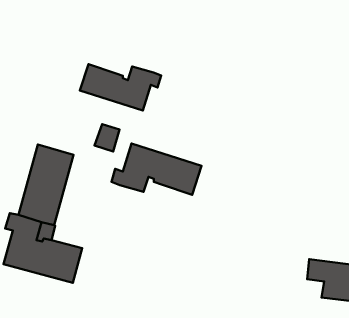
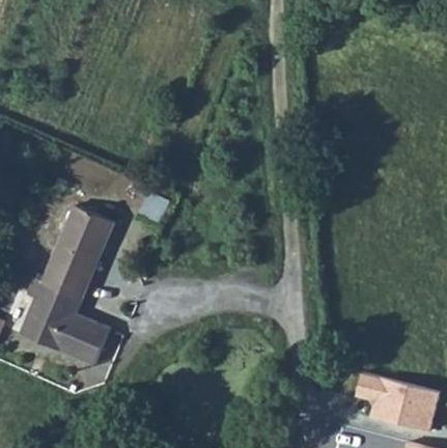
building: [80,64,161,111] -> none
building: [111,143,202,195] -> none

